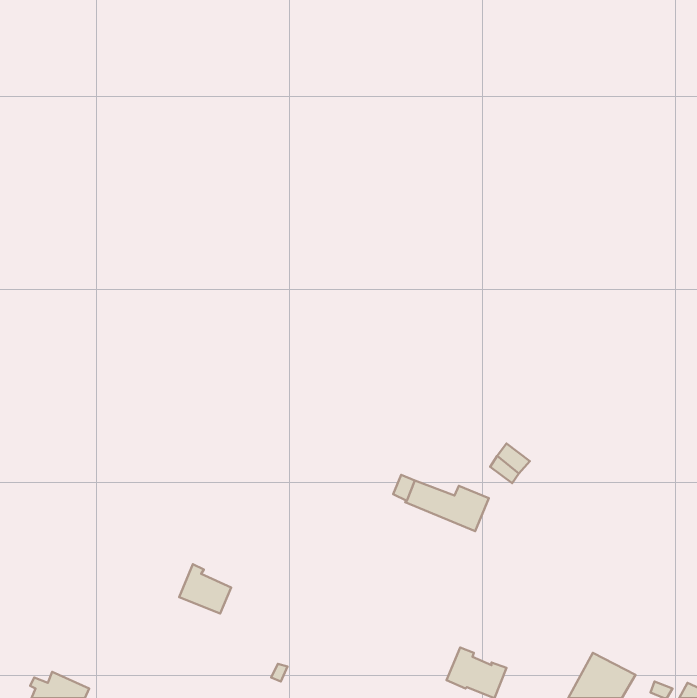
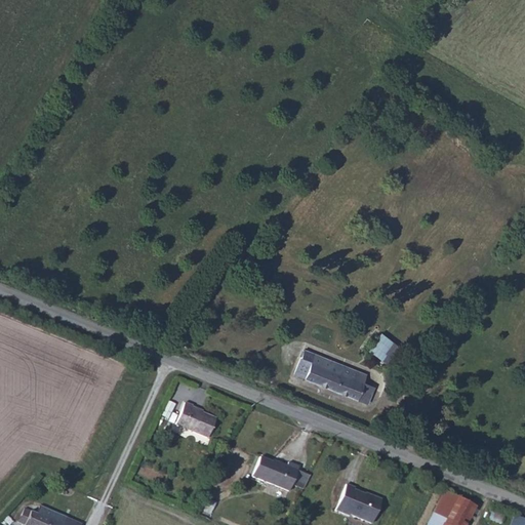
building: [179,564,231,613] -> [181,402,220,439]
building: none -> [255,458,300,491]

